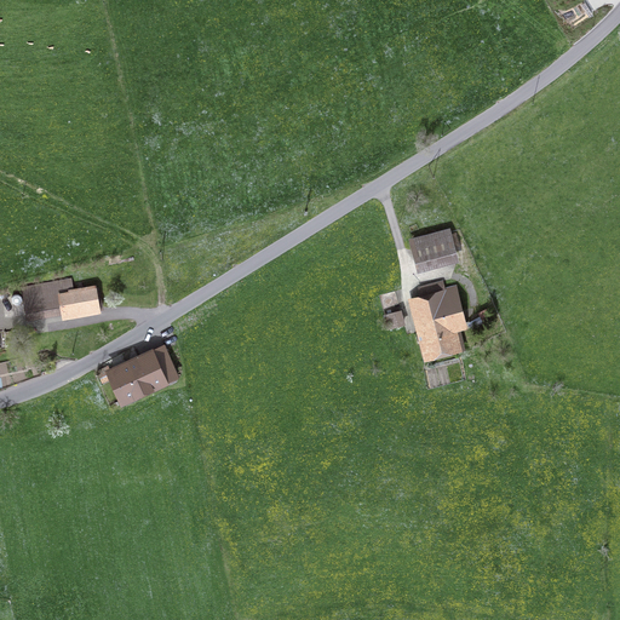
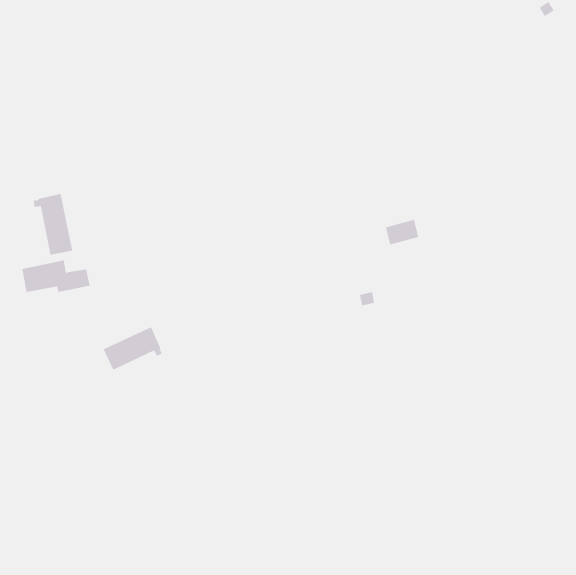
building: none -> [33,193,73,255]
building: [414,283,464,356] -> none

